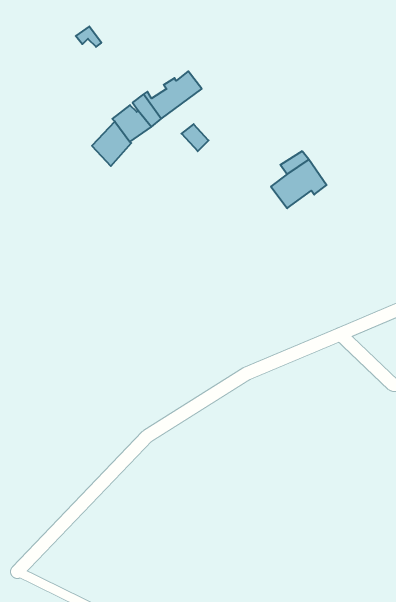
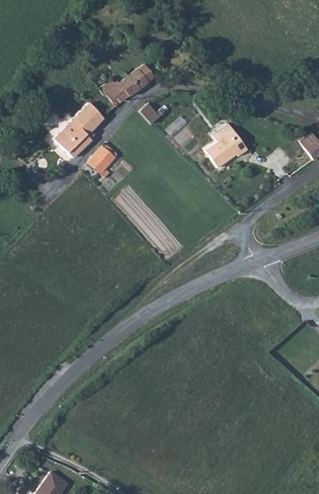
building: none -> [52,119,88,157]
building: none -> [84,145,113,176]

